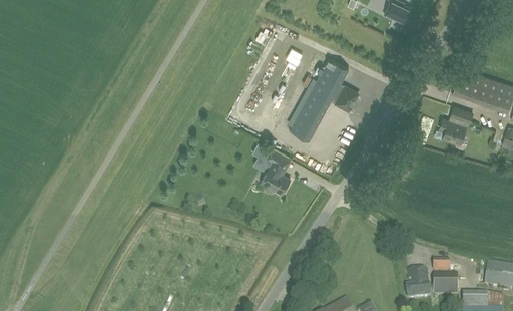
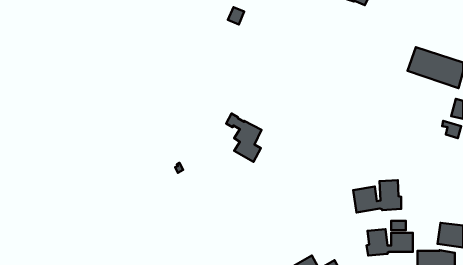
building: [290,57,359,140] -> none
building: [440,106,473,143] -> none
building: none -> [353,180,401,213]

